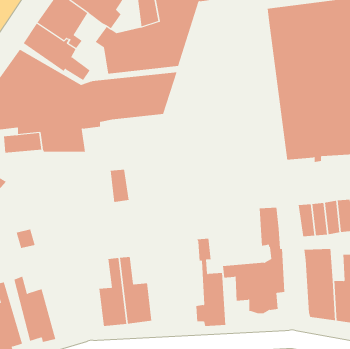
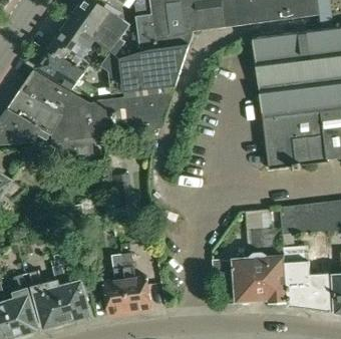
building: [195,238,226,326] -> [260,226,287,303]
building: none -> [51,264,89,322]

